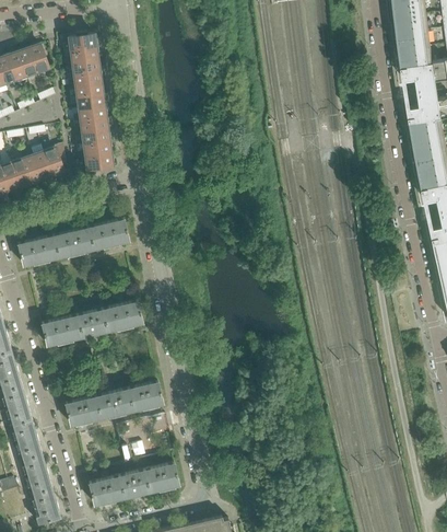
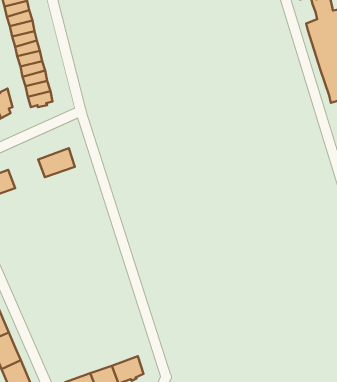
building: [51,229,92,258] -> none
building: [40,302,141,346] -> none
building: [63,383,161,426] -> none

